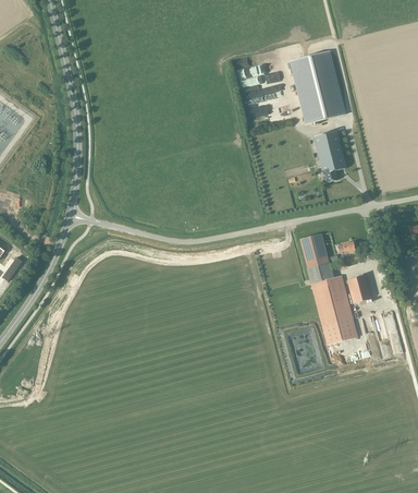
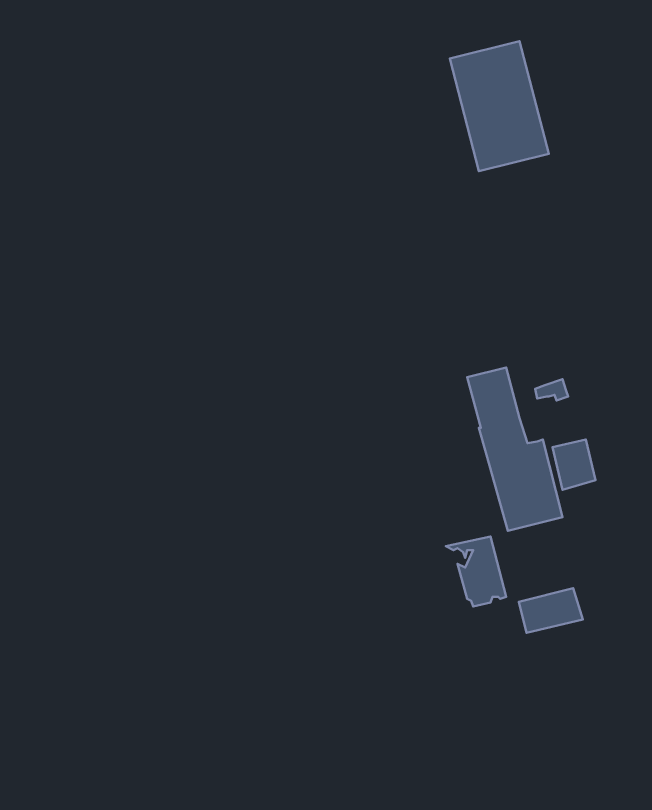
building: [315,130,347,181] -> none
building: [323,318,359,344] -> [519,588,583,633]

